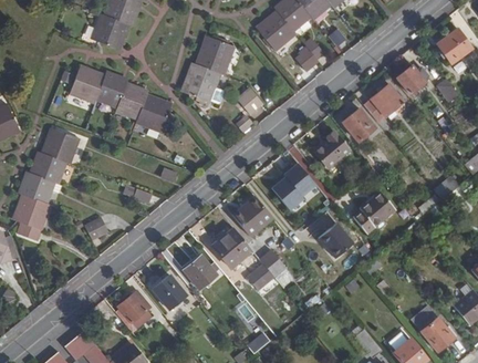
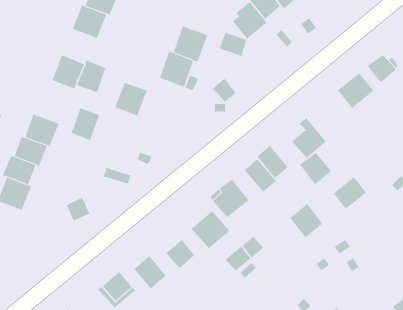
building: none -> [219,32,247,57]
building: [113,84,144,118] -> [70,107,100,140]
building: [343,108,377,143] -> [299,152,332,185]

